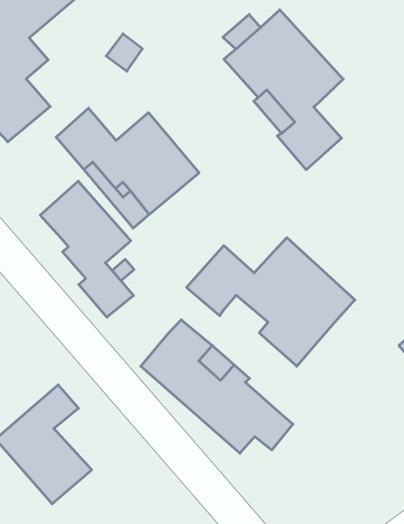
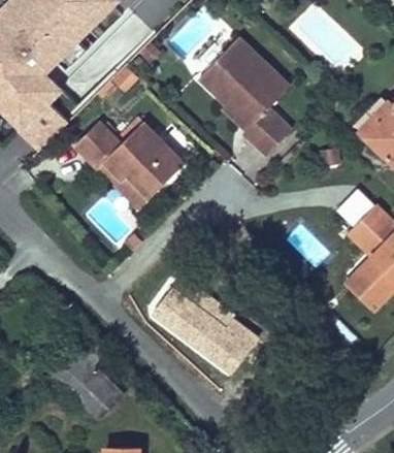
building: [40,181,134,317] -> none
building: [187,238,355,366] -> none

